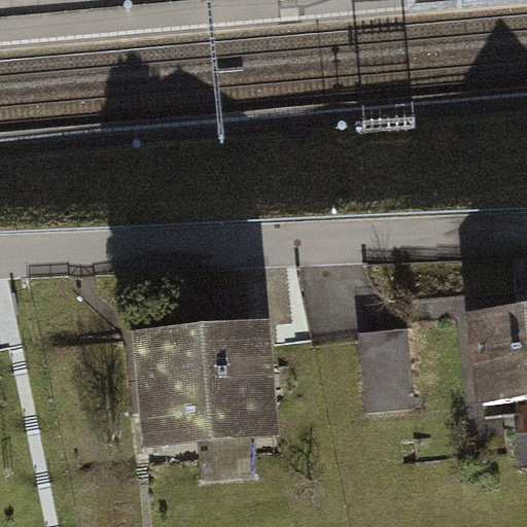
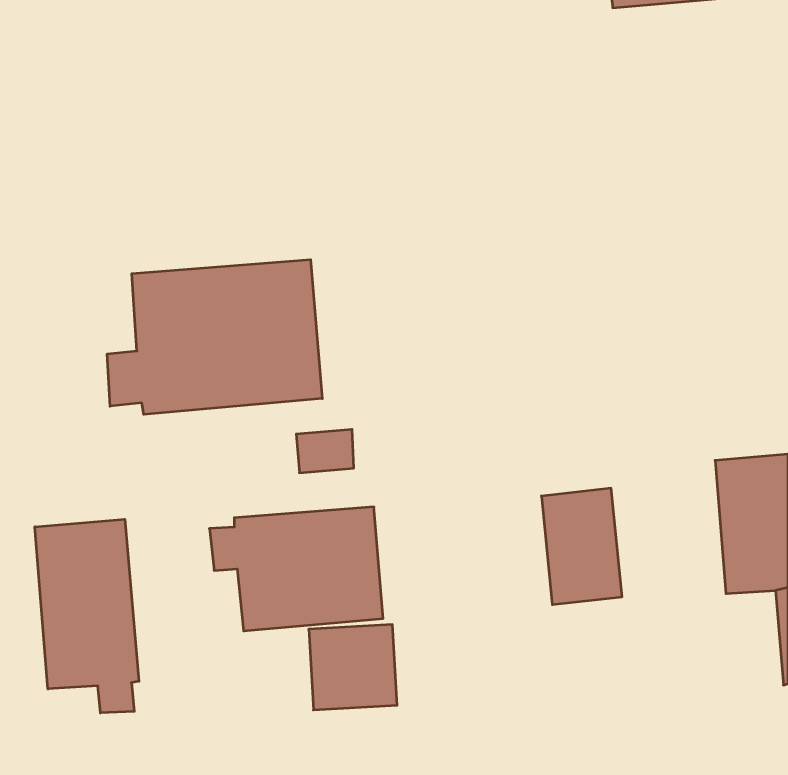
building: none -> [107,260,322,414]
building: none -> [35,519,139,713]

